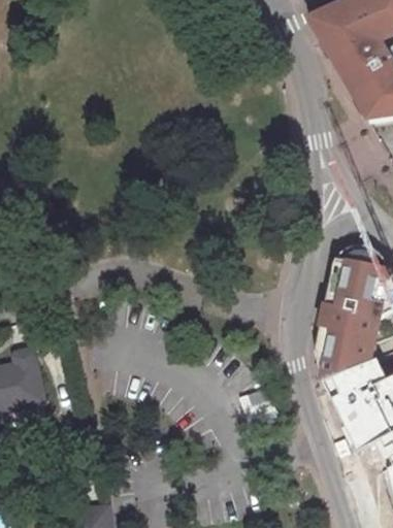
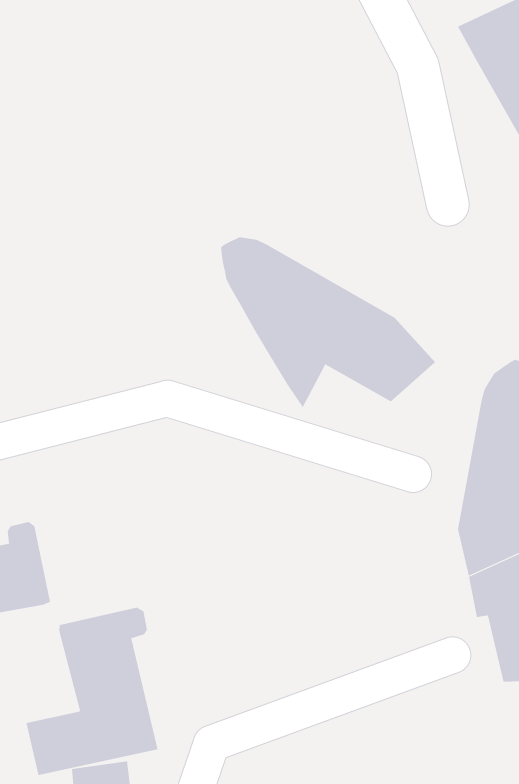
building: none -> [221,236,436,408]
building: none -> [26,607,158,776]

